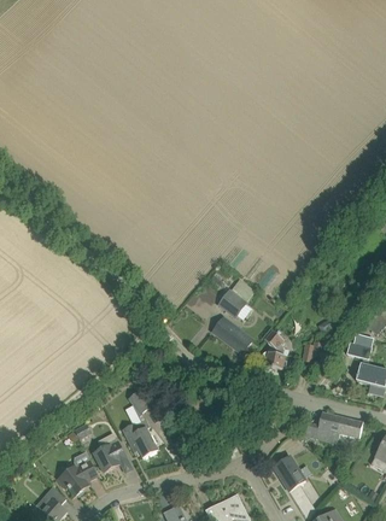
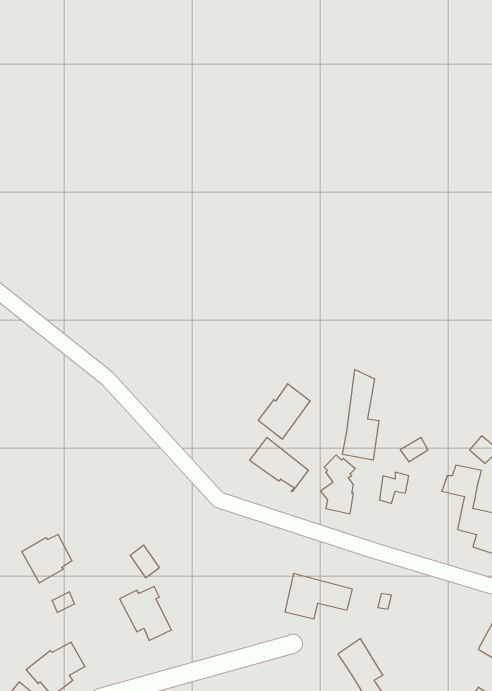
building: none -> [343,369,379,460]
building: [316,411,363,443] -> [285,574,352,619]
building: [92,439,127,473] -> [22,534,72,583]

